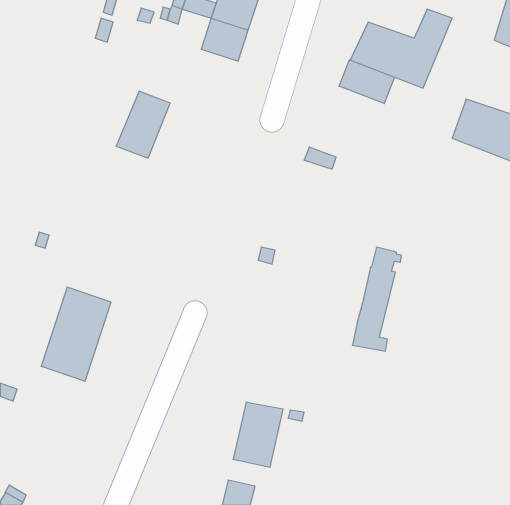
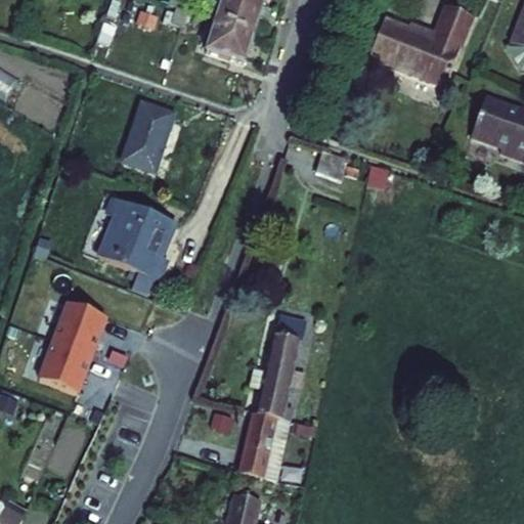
building: [339,60,395,104] -> none
building: none -> [104,195,166,276]
building: [352,247,401,351] -> [257,312,307,419]

